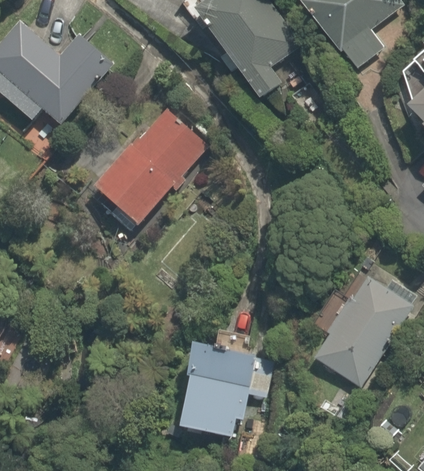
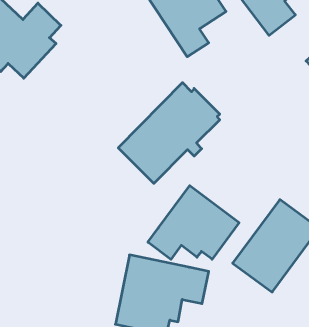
building: [89,103,212,225] -> [118,83,220,183]
building: none -> [148,186,239,259]

